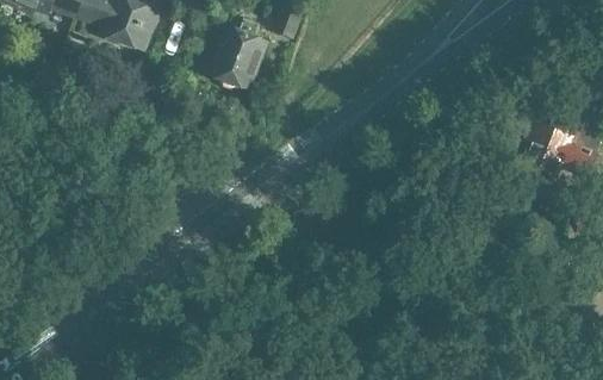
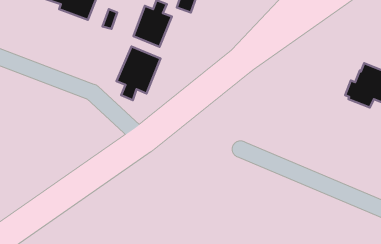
building: none -> [116,47,161,100]

